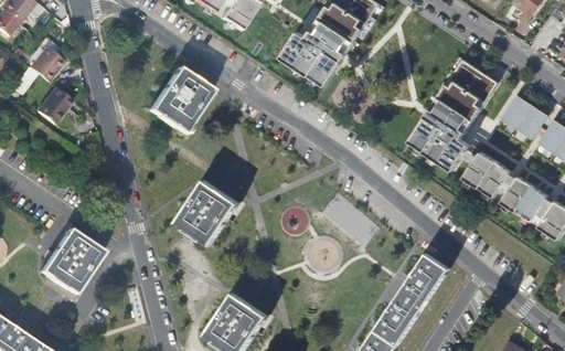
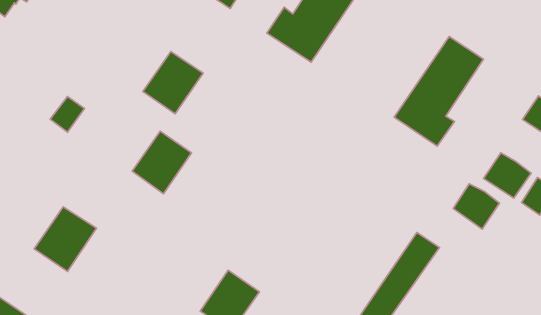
building: [30,46,65,82] -> none
building: [38,87,73,124] -> [50,97,85,132]
building: [500,91,547,136] -> none
building: [461,150,509,196] -> [453,184,499,229]
building: [179,182,239,246] -> [132,131,192,194]

